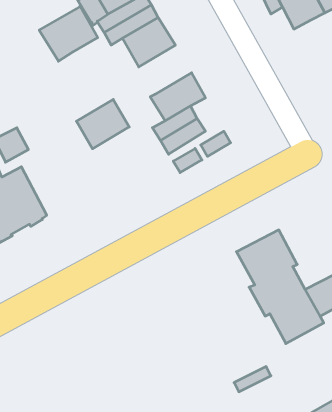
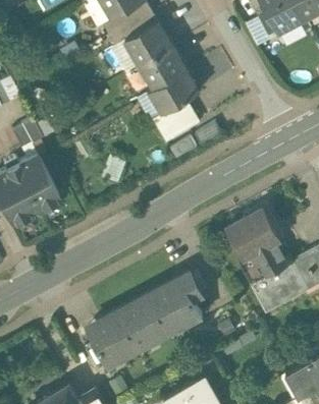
building: [39,6,98,61] -> none
building: [76,99,129,149] -> [139,47,185,91]
building: none -> [89,273,202,367]

